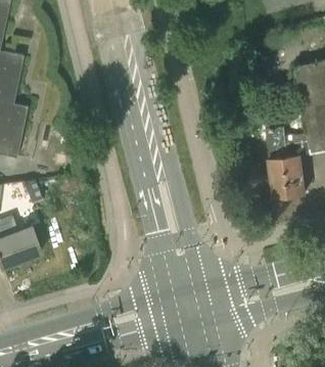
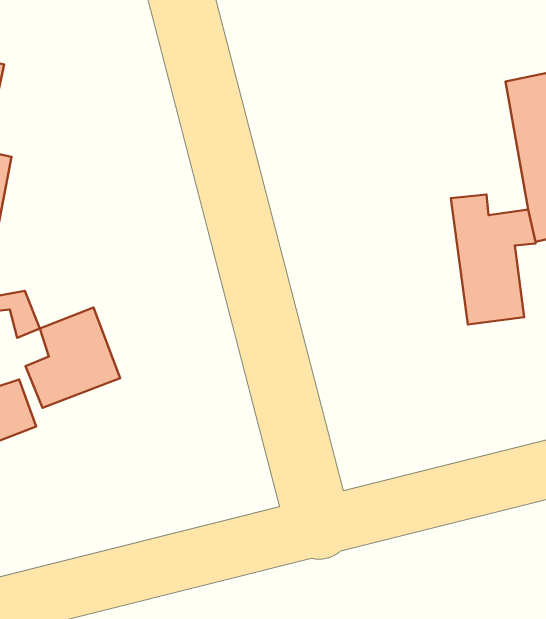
building: none -> [26,308,120,408]

